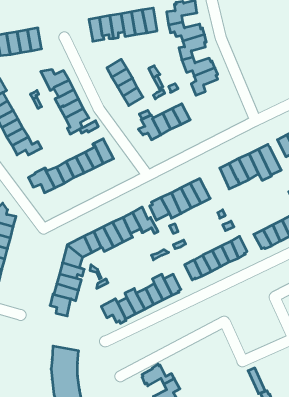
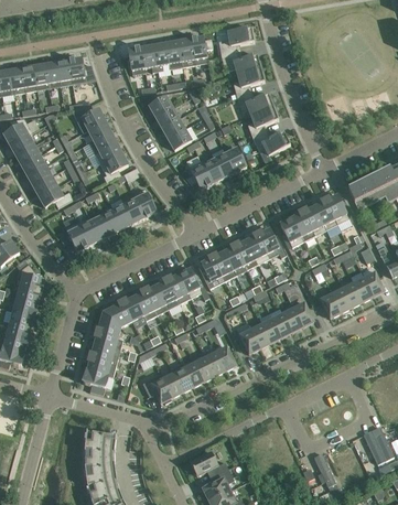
building: none -> [68,55,95,82]
building: none -> [252,130,290,153]
building: none -> [257,226,287,256]

